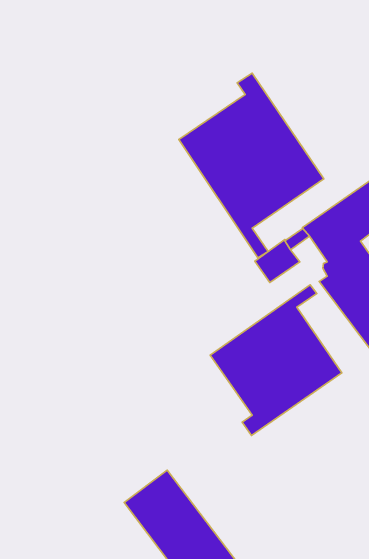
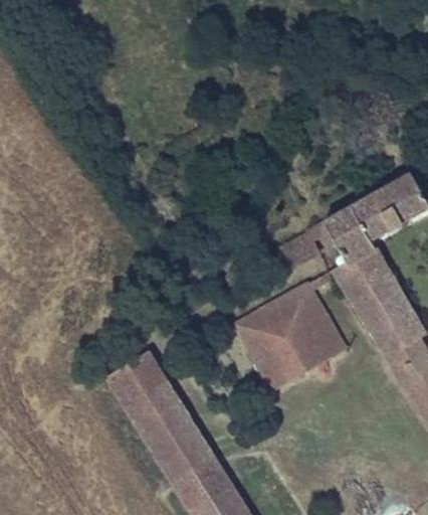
building: [179,73,324,258] -> none
building: none -> [108,352,189,443]

